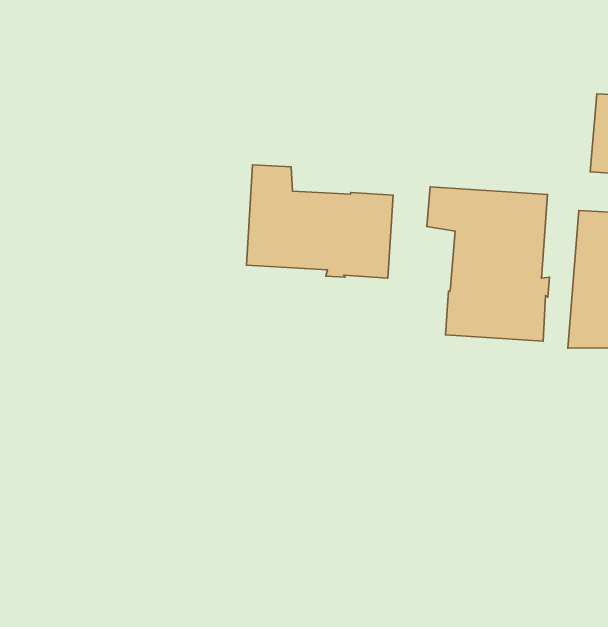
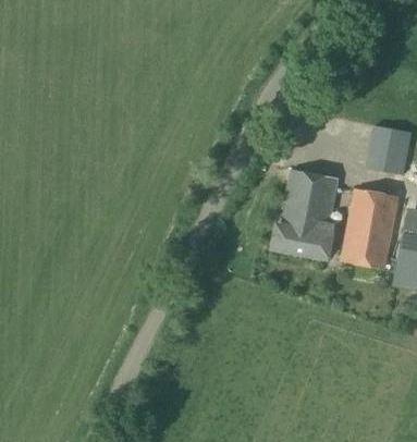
building: [247,165,393,278] -> none

